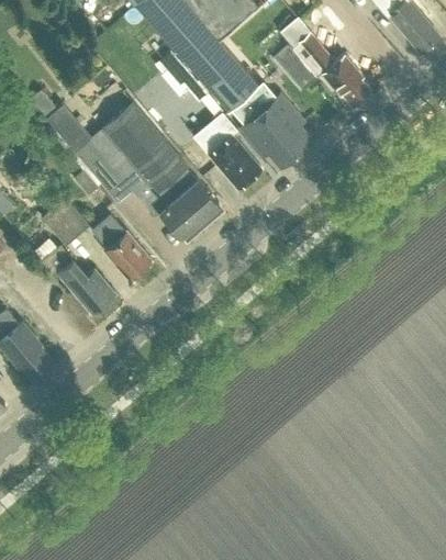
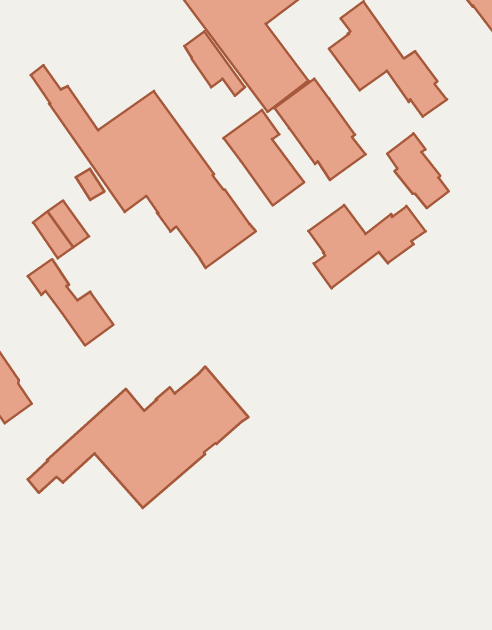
building: none -> [387,133,449,208]
building: none -> [308,205,426,288]
building: [92,215,153,280] -> none
building: none -> [28,367,248,508]

